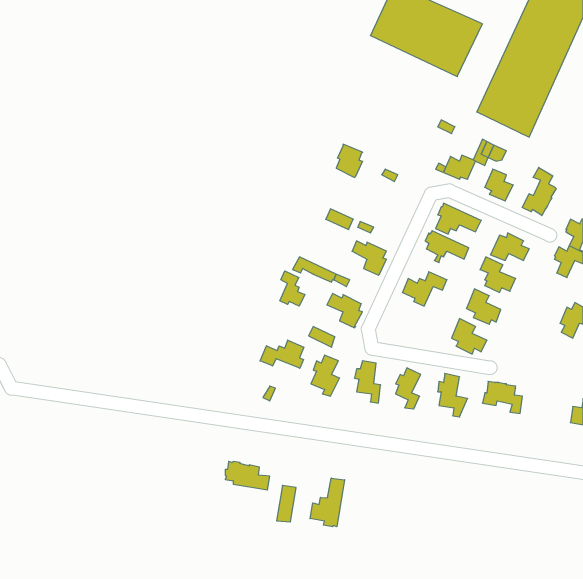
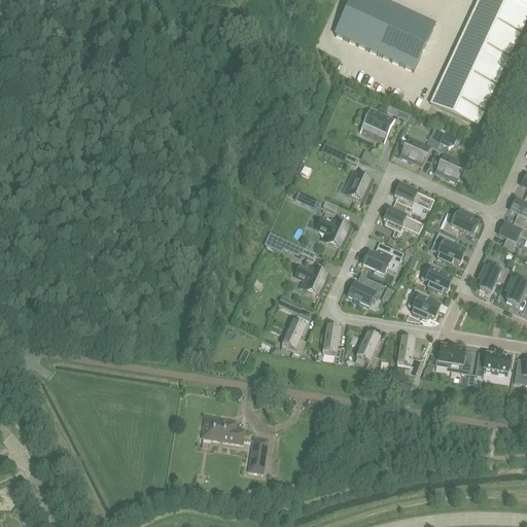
building: none -> [359,106,394,141]
building: [336,144,363,177] -> [346,171,370,201]
building: [522,167,556,216] -> none
building: [280,271,305,306] -> none
building: none -> [477,256,507,292]
building: none -> [347,276,381,305]
building: [260,340,304,368] -> none
building: none -> [473,352,512,375]
building: [310,478,345,527] -> none

